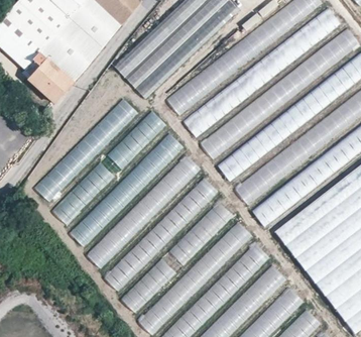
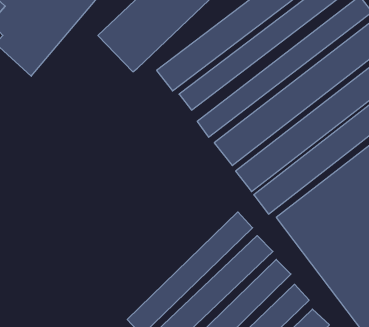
building: [35,100,136,199] -> none
building: [54,112,165,222] -> none
building: [70,133,185,245] -> none
building: [88,154,200,266] -> none
building: [106,178,219,290] -> none
building: [123,199,236,311] -> none

